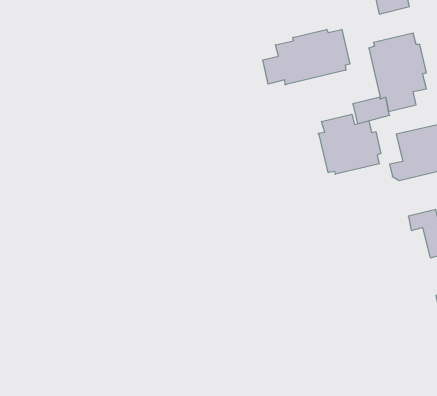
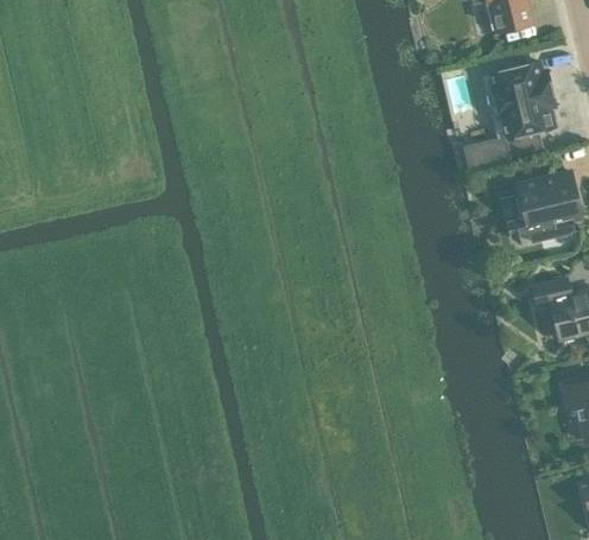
building: [263,29,350,85] -> none
building: [318,114,381,174] -> none

